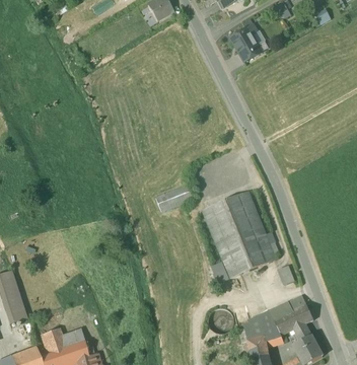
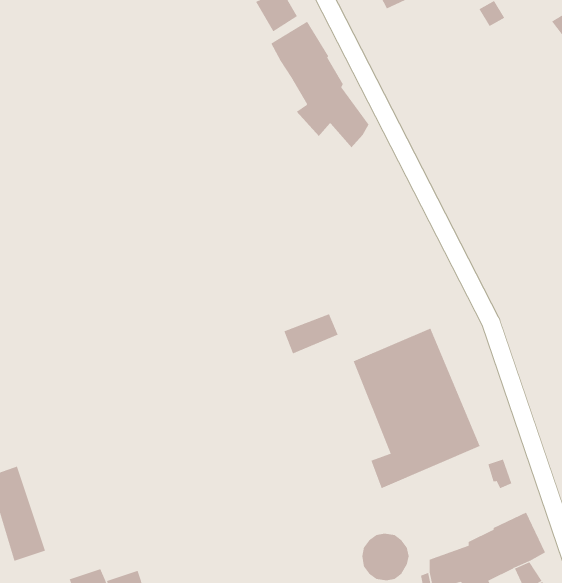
building: none -> [270,21,369,148]
building: [231,25,260,62] -> none

